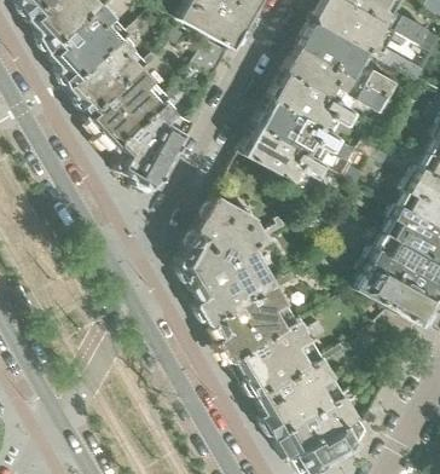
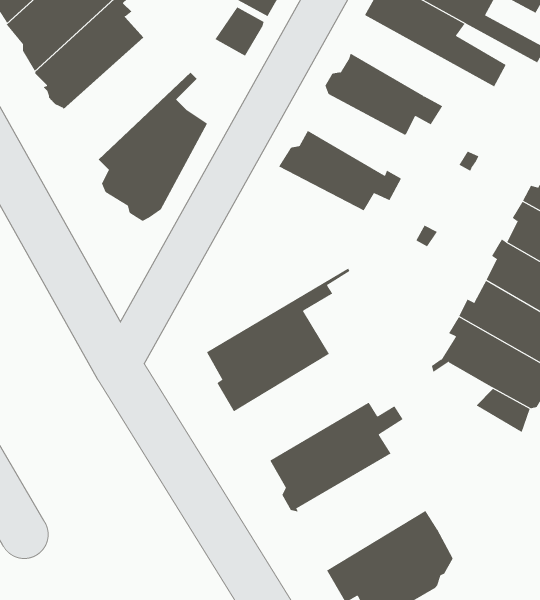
building: [284,46,392,114] -> none
building: [86,52,167,148] -> none
building: [257,102,341,158] -> none
building: [178,196,289,283] -> none
building: [212,272,303,362] -> none
building: [253,342,348,437] -> none

